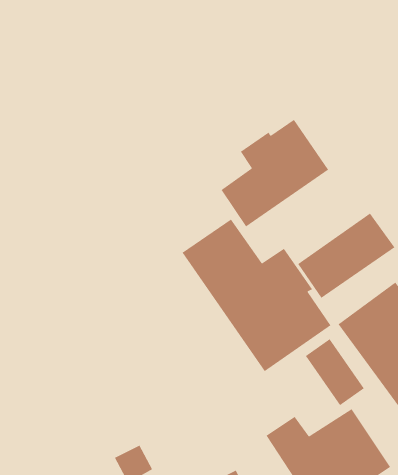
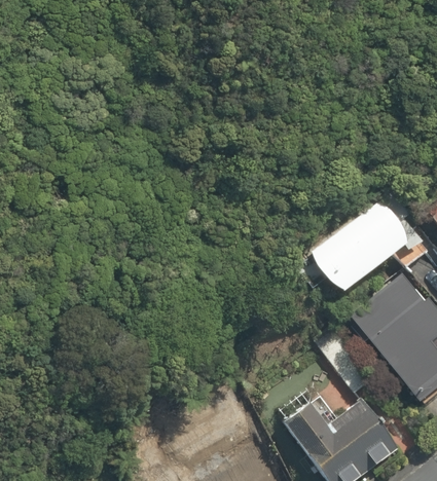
building: [220,119,329,227] -> none
building: [181,219,331,372] -> none

